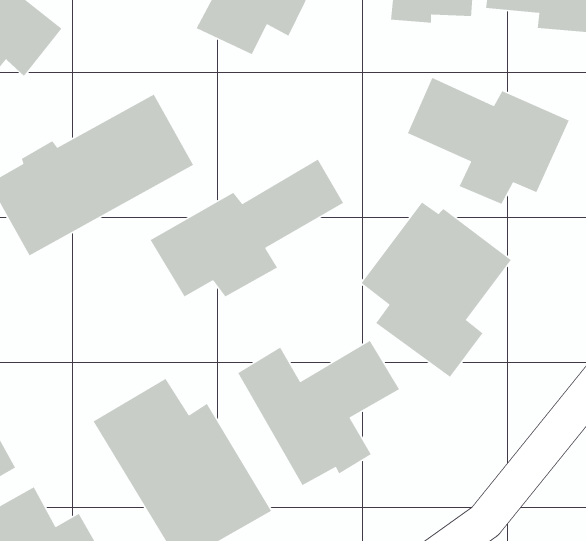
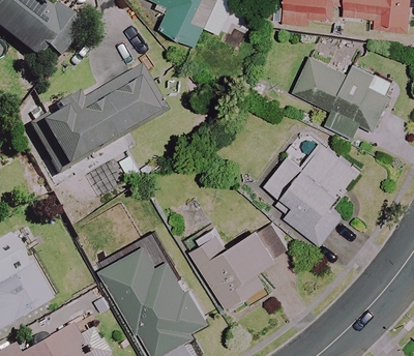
building: [150,158,344,298] -> none

